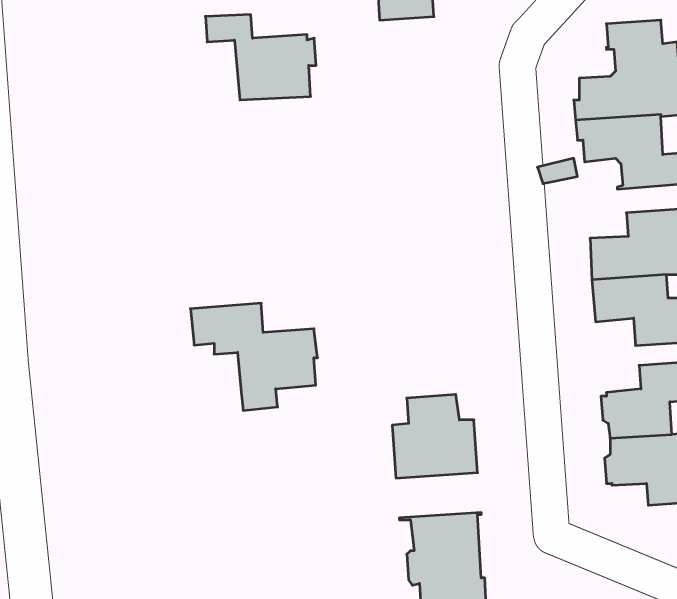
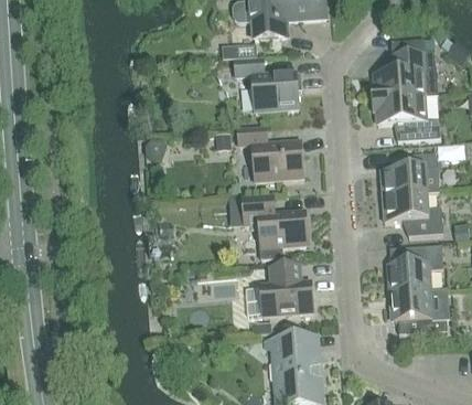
building: [205,15,316,100] -> [234,60,301,111]
building: none -> [237,128,302,181]
building: [190,303,318,410] -> [229,195,307,260]

